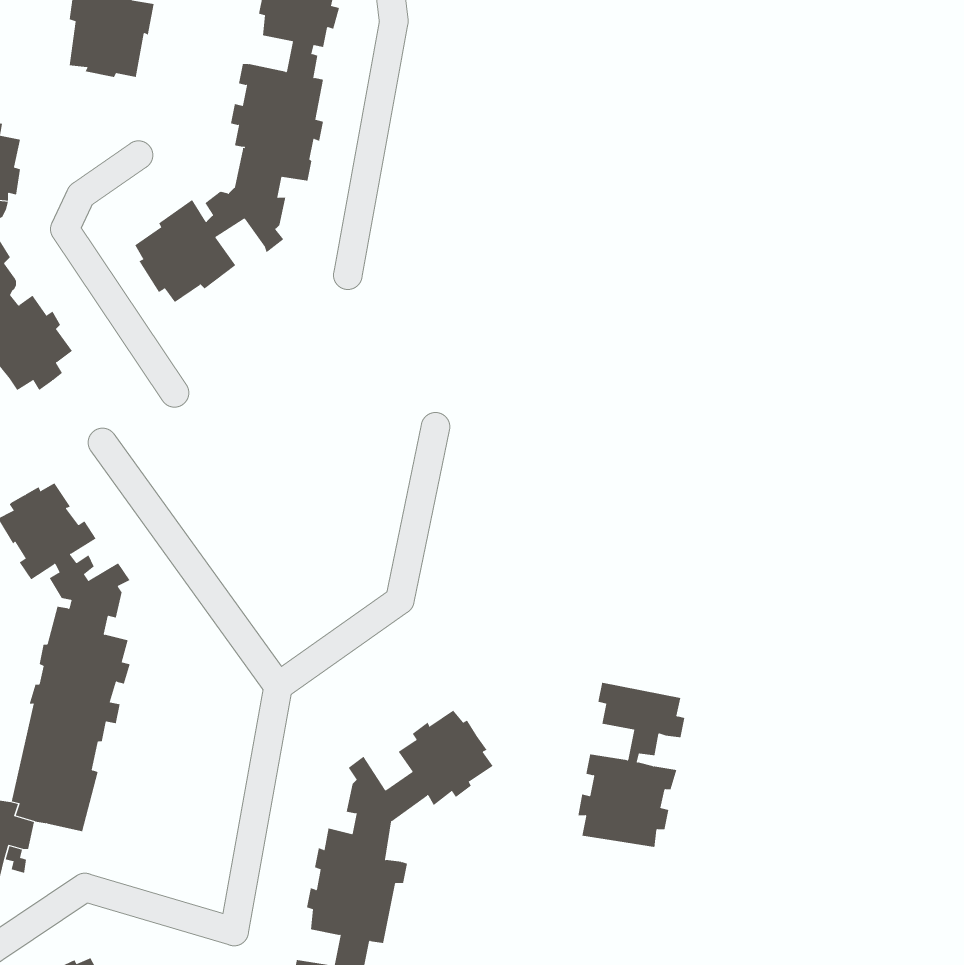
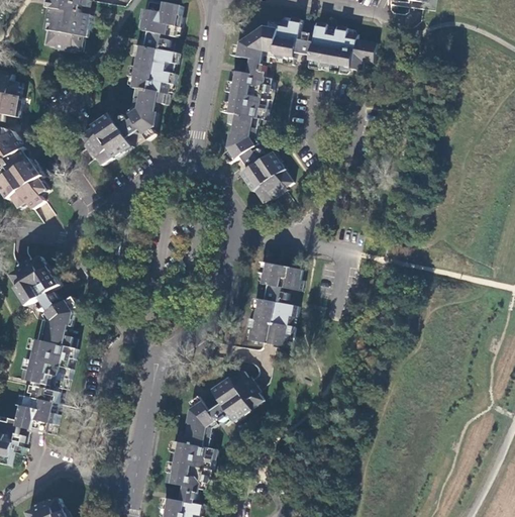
building: none -> [221,16,375,201]
building: [578,682,685,848] -> [247,262,302,345]

